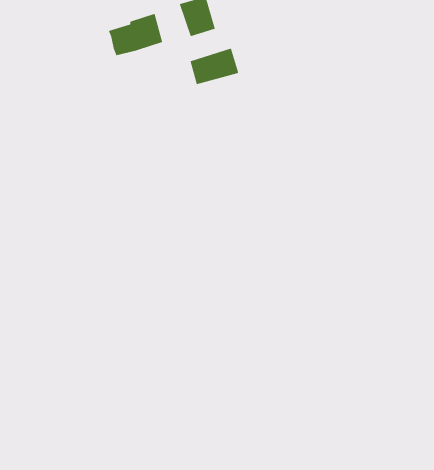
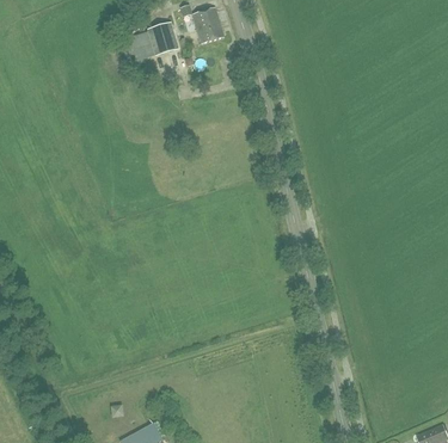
building: [189,47,239,85] -> none

